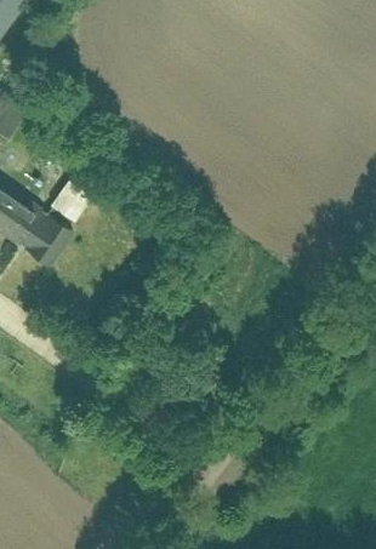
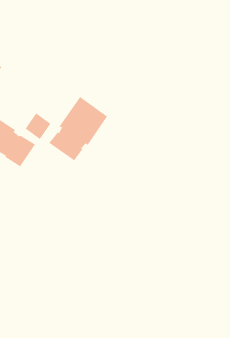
building: none -> [48,96,108,161]

